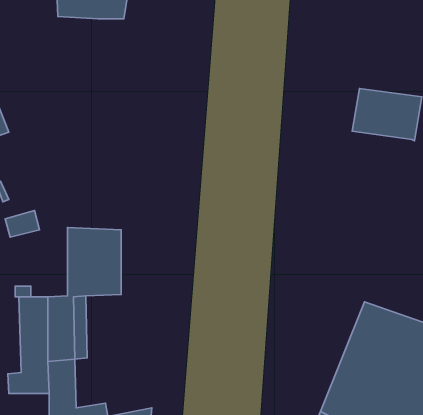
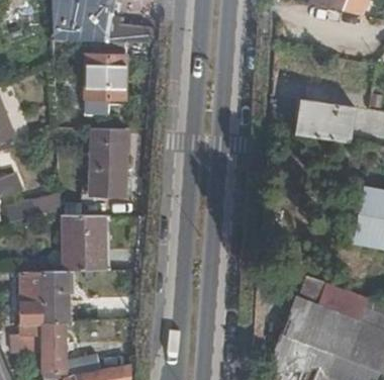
building: none -> [85,40,125,113]
building: none -> [91,128,126,196]

